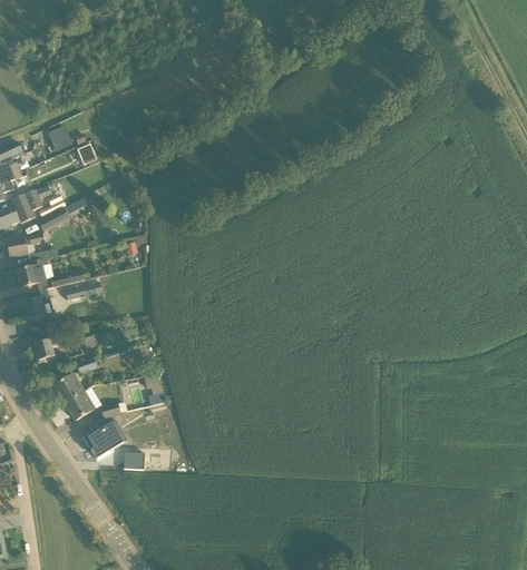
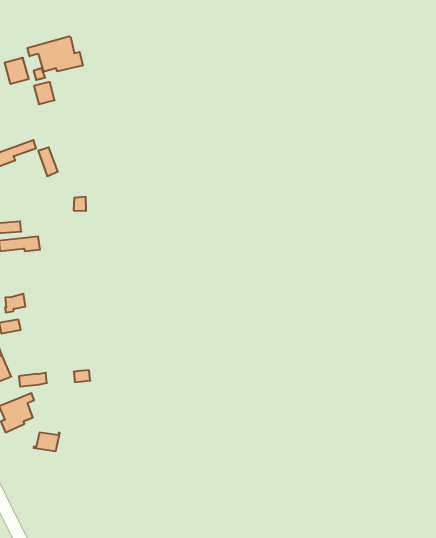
building: none -> [27,36,83,72]

